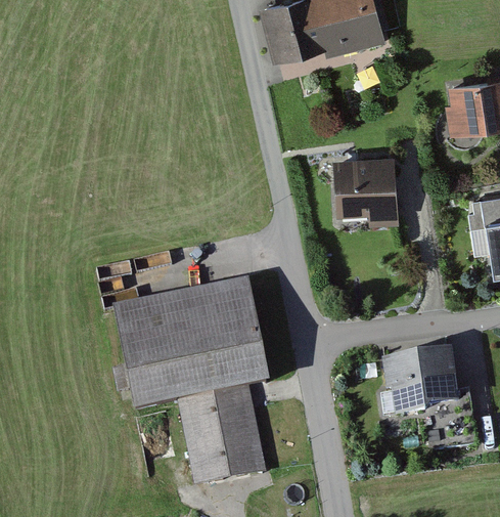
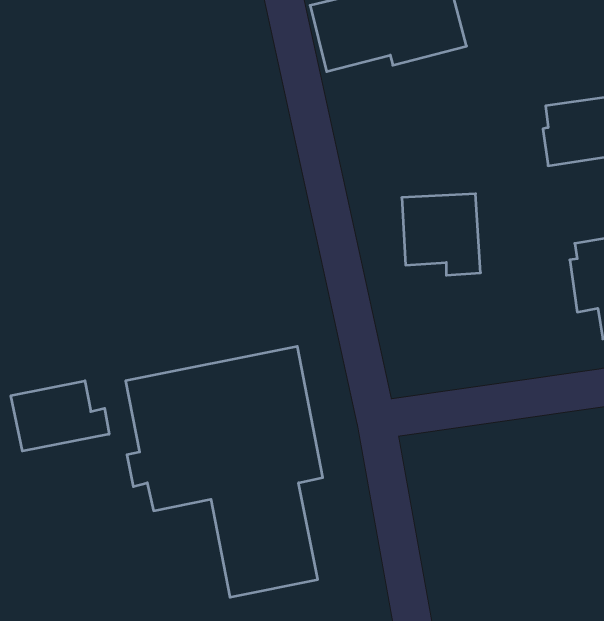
building: none -> [11,381,109,451]
building: [378,348,460,419] -> none

